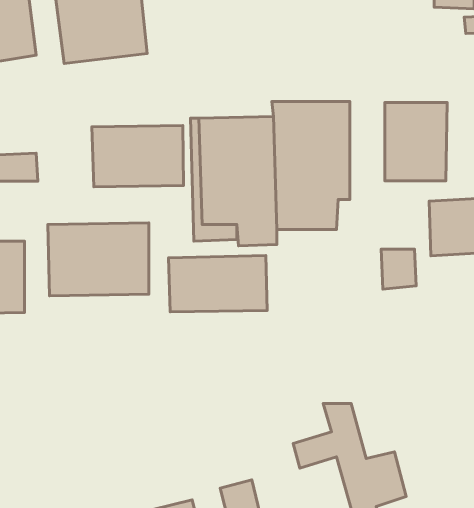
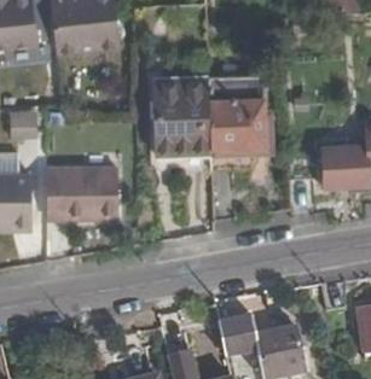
building: [385,102,447,181] -> none
building: [92,125,183,187] -> none
building: [169,255,267,312] -> none

